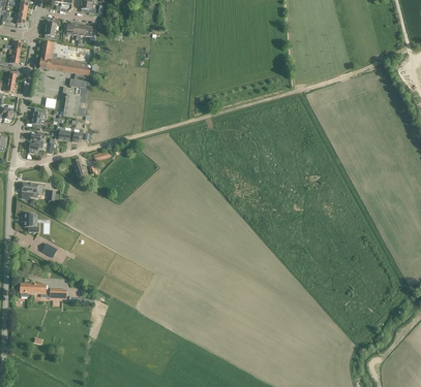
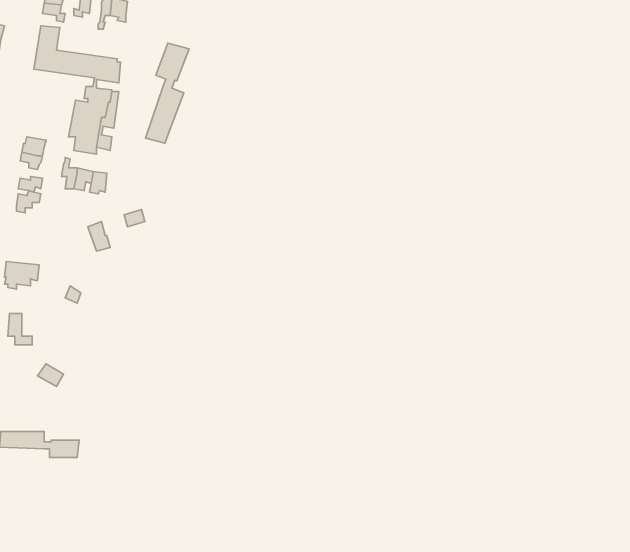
building: none -> [146,43,189,143]

